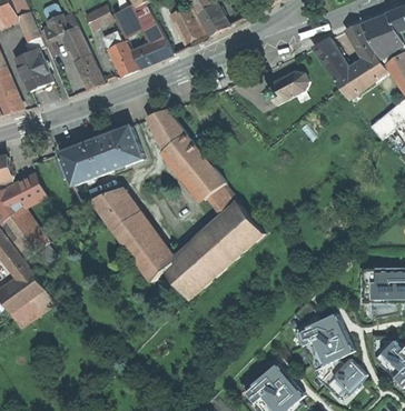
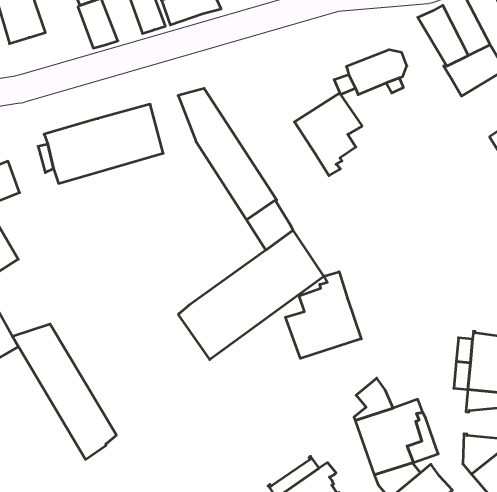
building: none -> [294,93,362,176]
building: [92,189,171,281] -> [12,324,116,459]
building: none -> [286,272,361,358]

